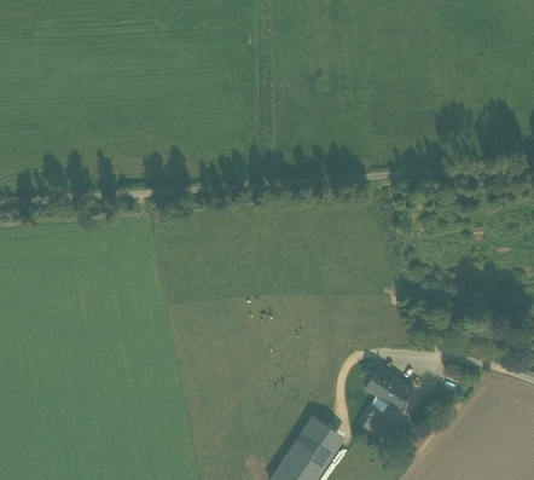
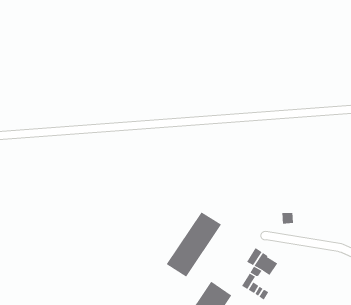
building: none -> [166,211,222,278]

